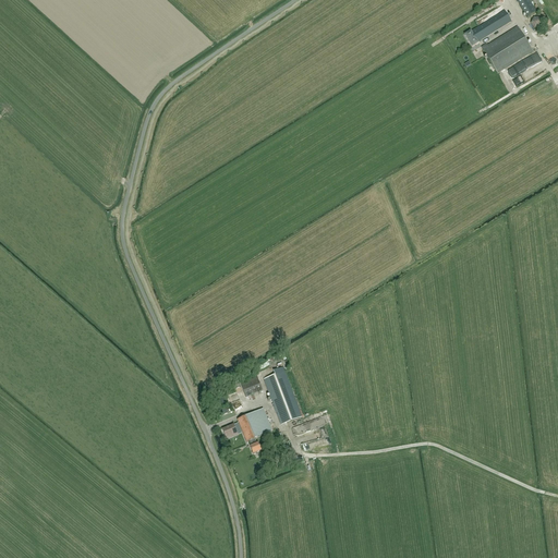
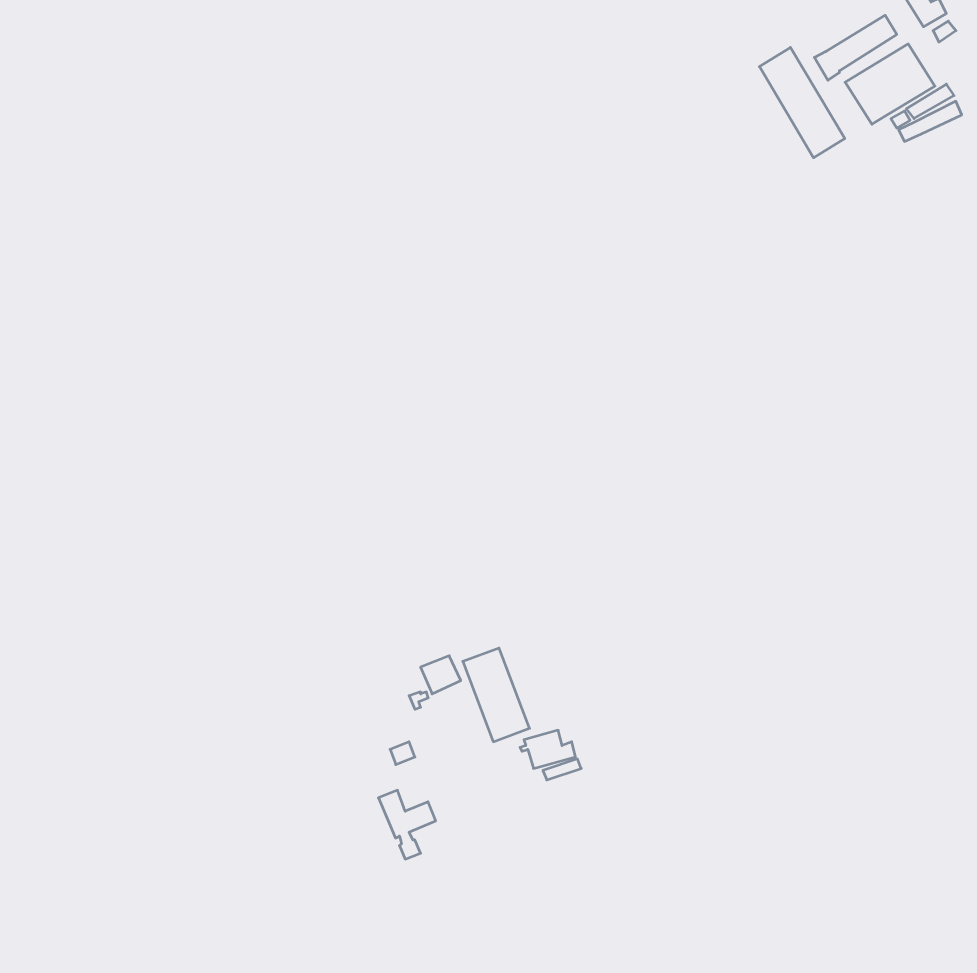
building: none -> [759,47,845,158]
building: [238,413,270,452] -> [378,790,436,859]

